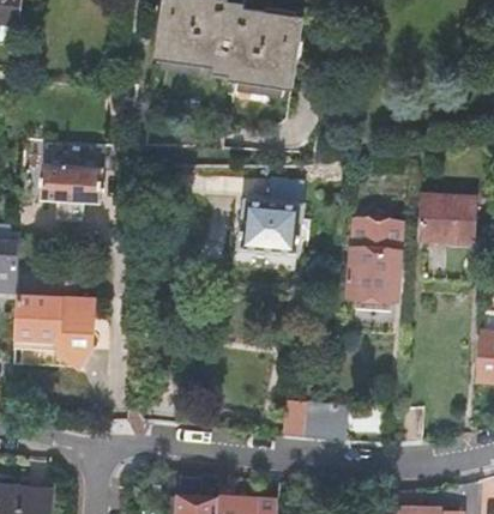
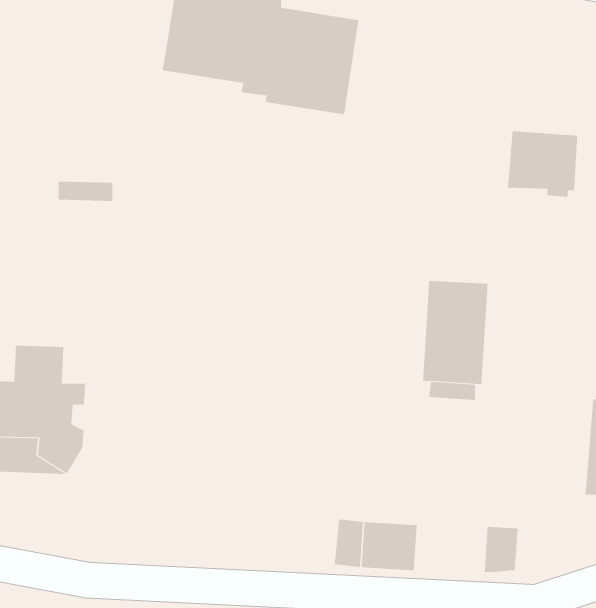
building: [41,163,103,216] -> none
building: [240,191,305,246] -> none
building: [423,194,477,244] -> [507,131,578,197]

